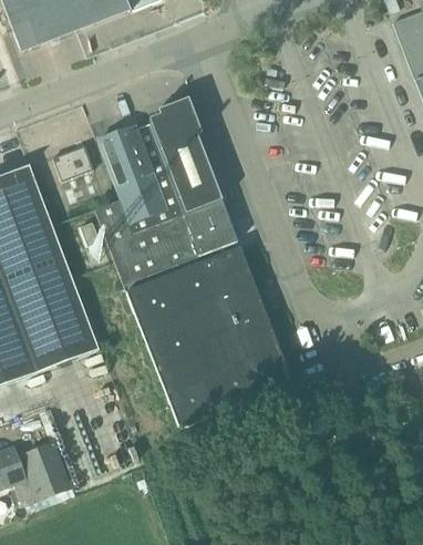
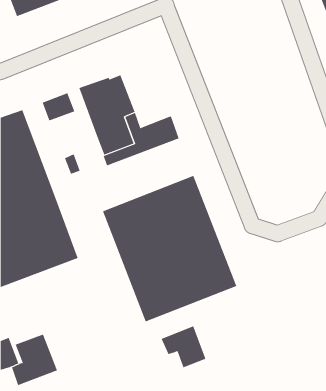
building: [151,96,210,186] -> none
building: [94,197,237,282] -> none
building: none -> [161,326,206,368]

